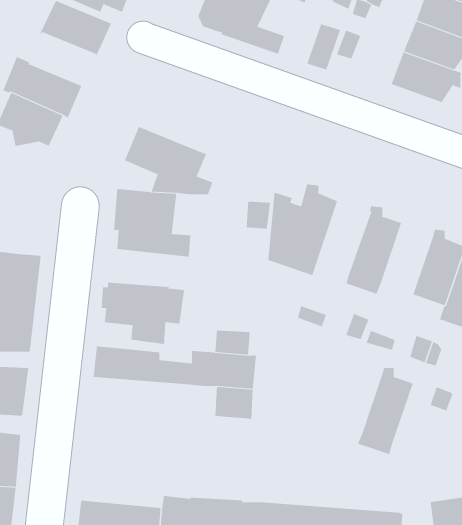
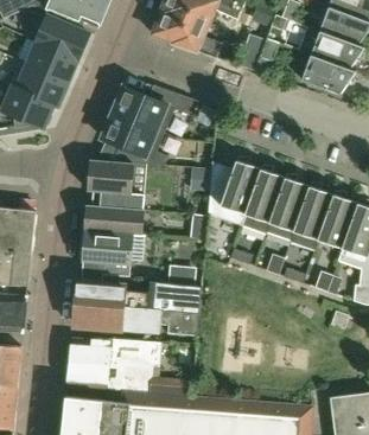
building: none -> [25,40,76,81]
building: none -> [108,84,189,133]
building: none -> [241,164,285,234]
building: none -> [84,204,147,236]
building: [357,368,413,455] -> [290,181,332,248]
building: none -> [71,302,159,332]
building: none -> [65,337,187,396]

